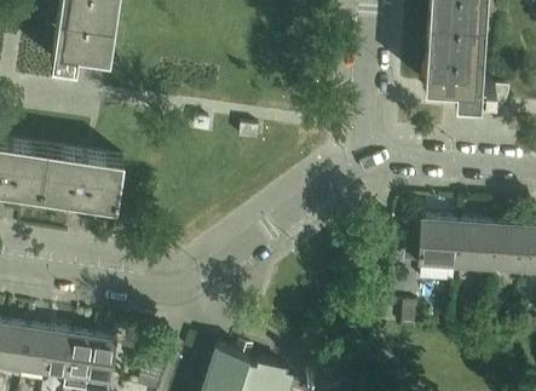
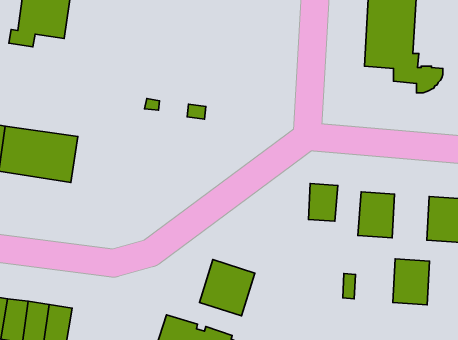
building: none -> [309,184,338,221]
building: [454,222,492,270] -> [393,259,430,305]
building: none -> [199,260,255,316]

